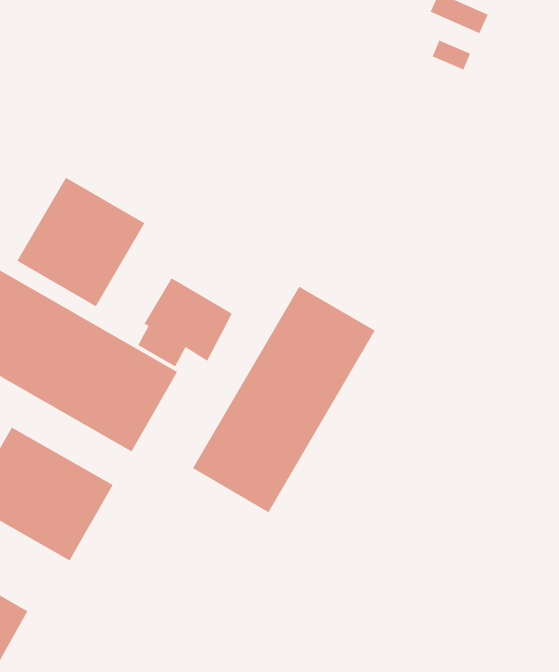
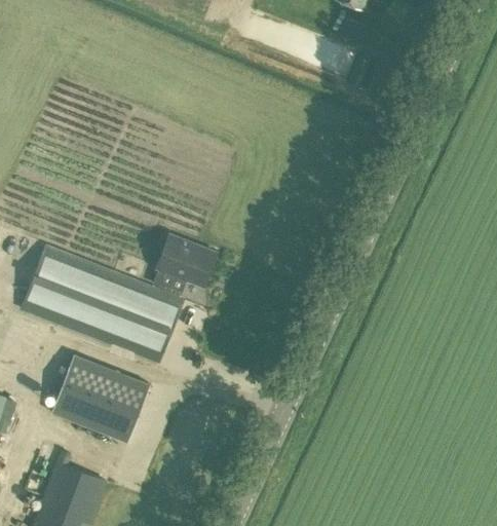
building: [17,177,145,307] -> none
building: [192,286,375,513] -> none

